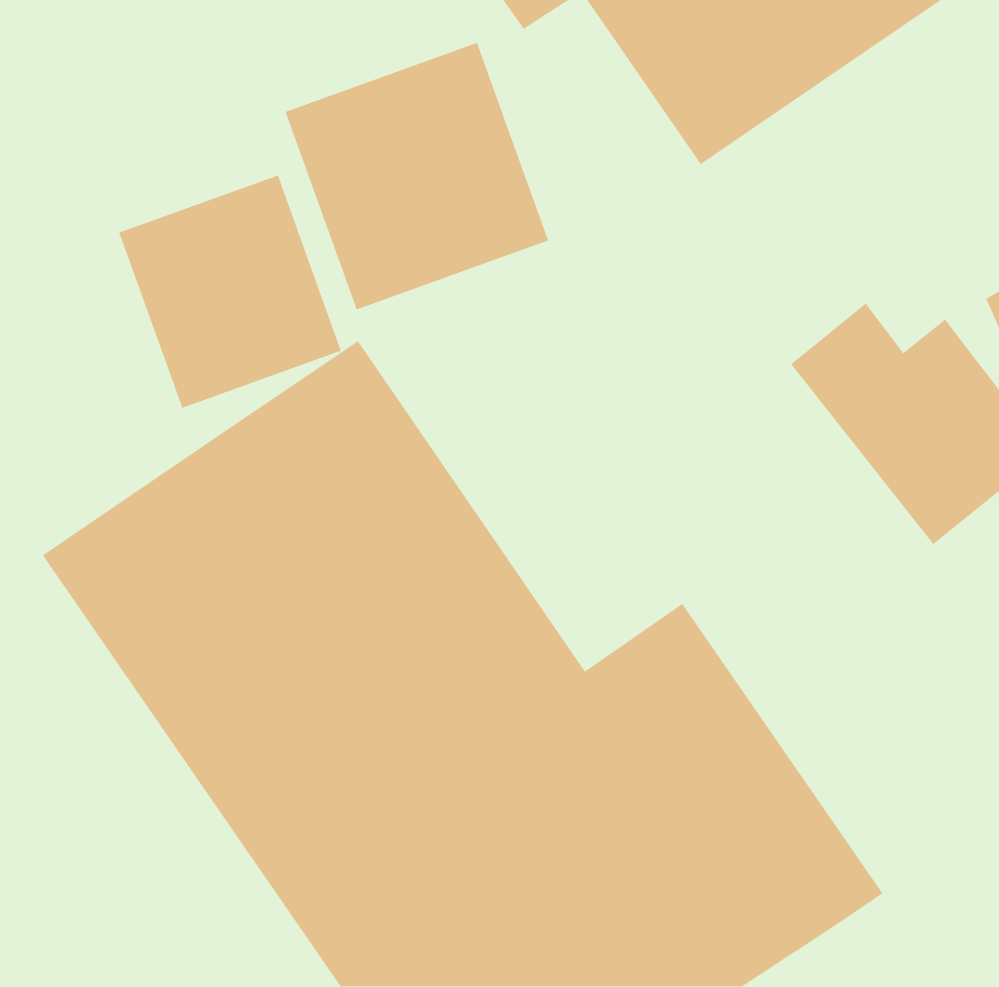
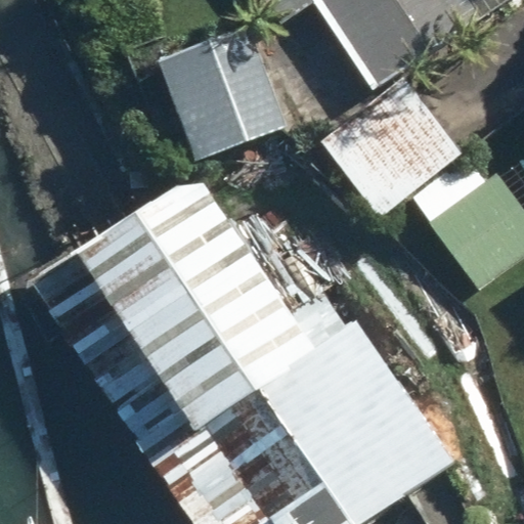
building: none -> [320,74,467,217]
building: [118,174,342,409] -> none

